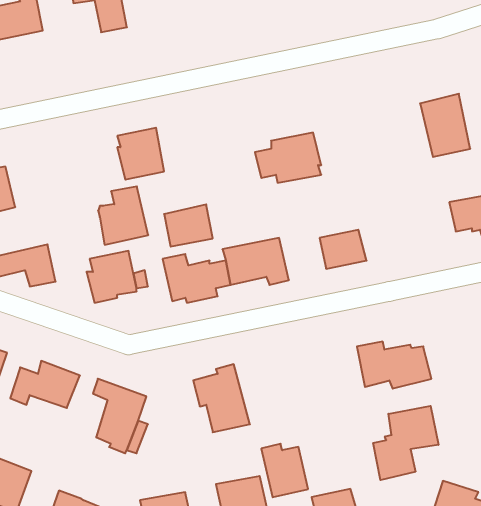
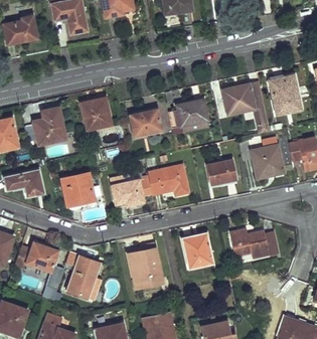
building: none -> [223,83,270,135]
building: [98,186,148,245] -> [34,109,65,145]
building: [164,204,213,247] -> [131,110,161,136]
building: none -> [252,146,284,177]
building: [373,406,438,480] -> none
building: [261,444,308,497] -> [183,236,212,270]

